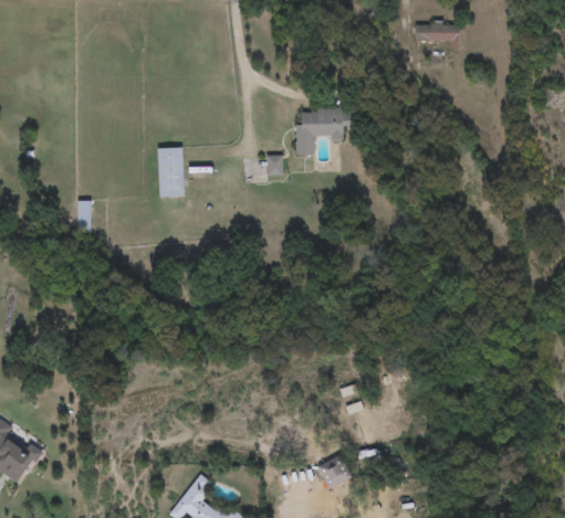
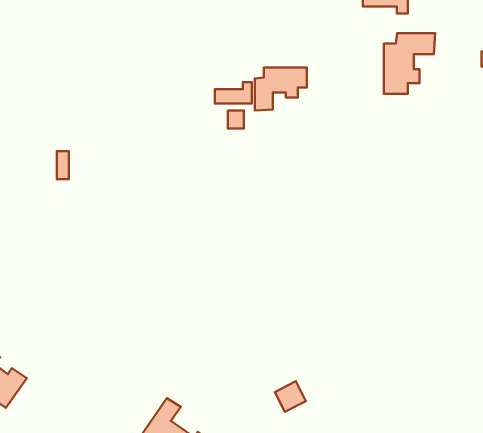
building: none -> [384,33,435,94]
building: none -> [215,82,252,104]
building: [158,148,184,198] -> none

